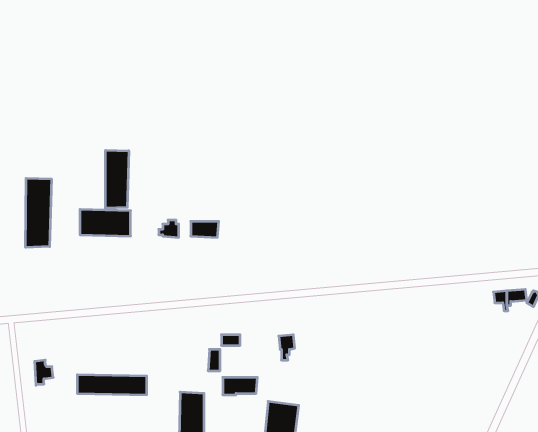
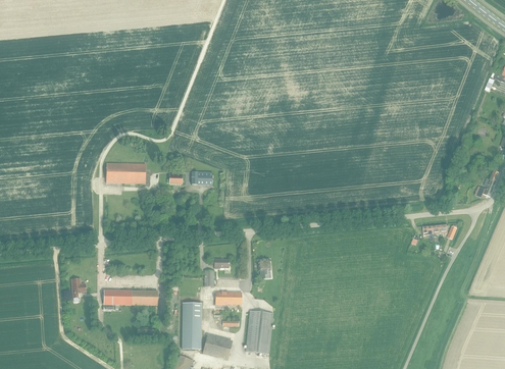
building: [105,150,129,208] -> none
building: [26,178,51,247] -> none

